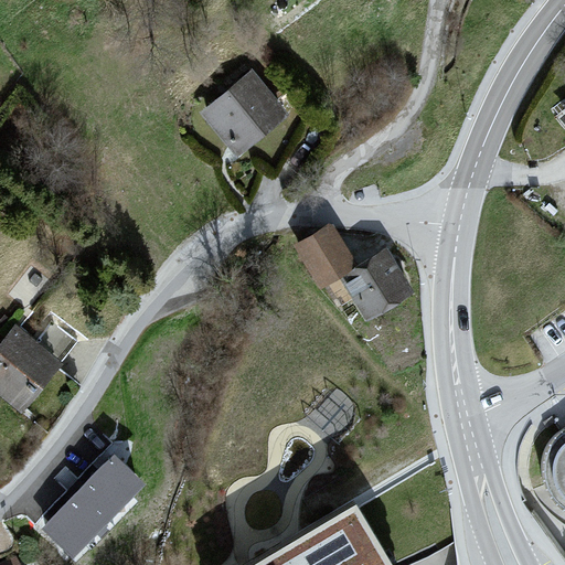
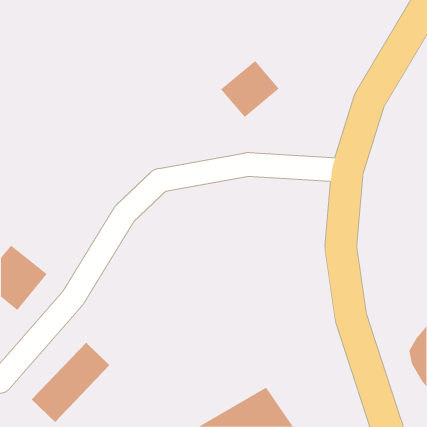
building: [205,75,284,151] -> [220,60,280,118]
building: [298,227,407,317] -> none

